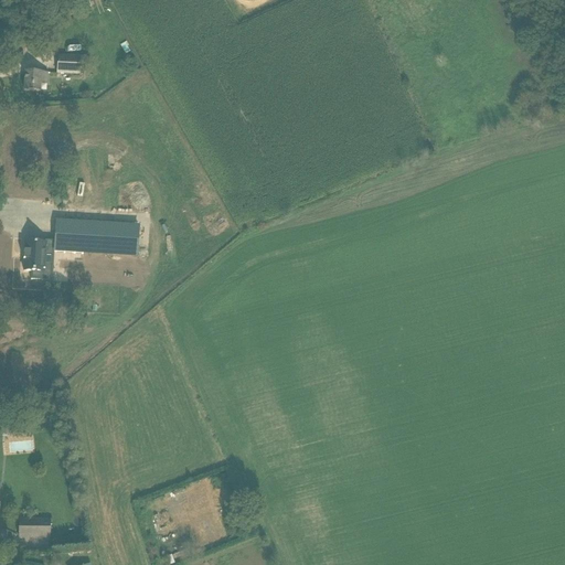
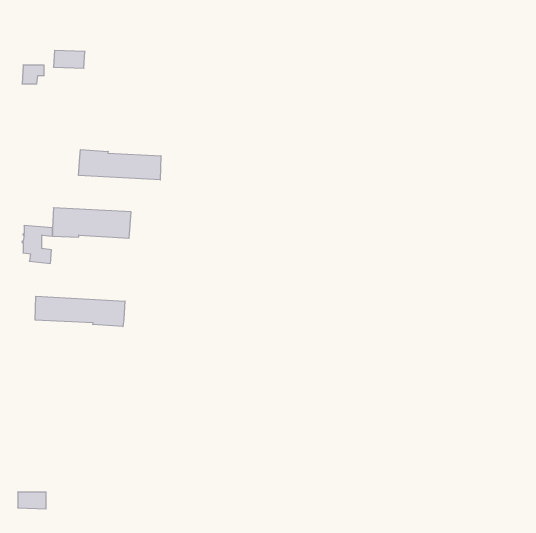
building: none -> [79,150,161,180]
building: none -> [35,296,125,327]

